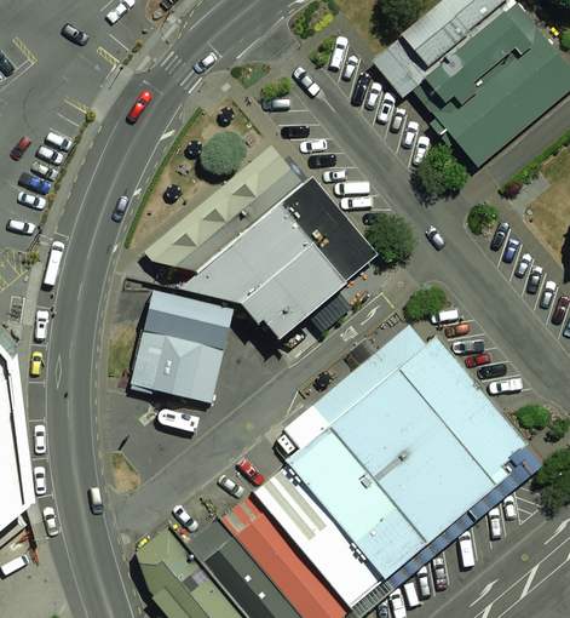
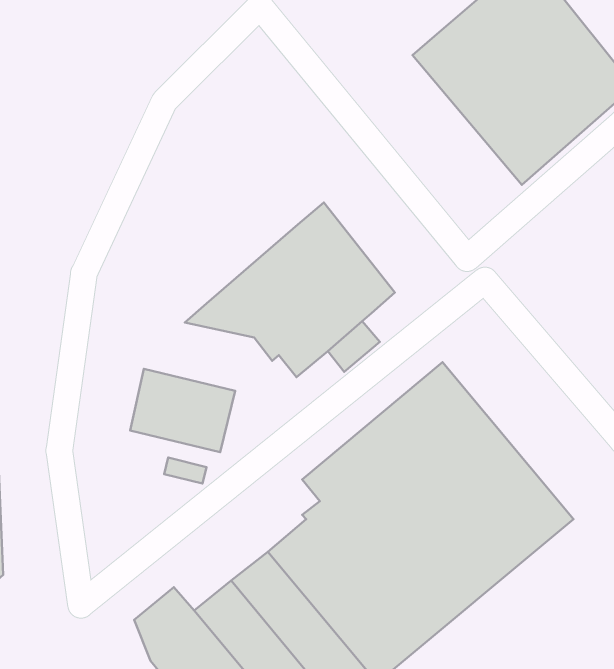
building: [144,145,303,273] -> none
building: [143,291,234,350] -> none

